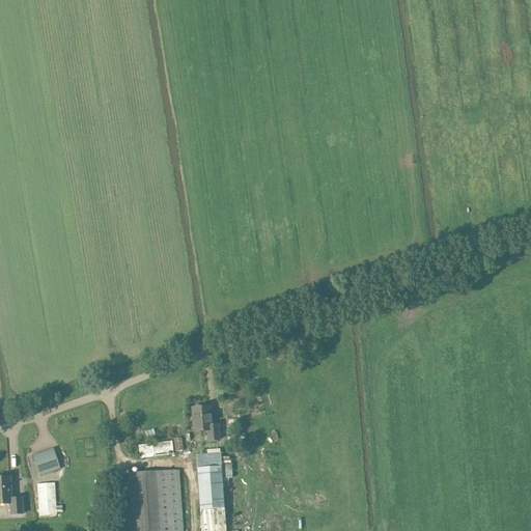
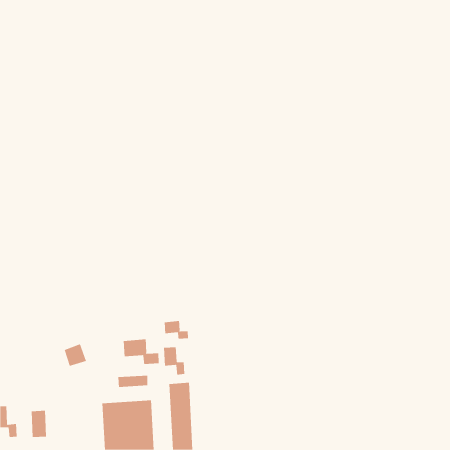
building: none -> [164,320,189,339]
building: none -> [123,339,159,365]
building: [32,448,59,475] -> [64,344,87,366]

